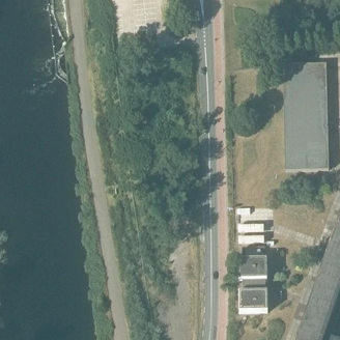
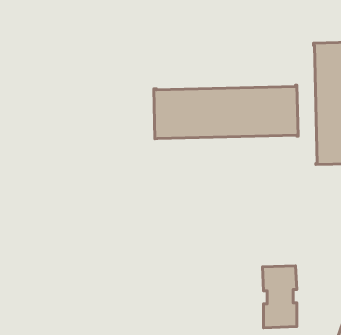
building: none -> [154,85,298,139]

